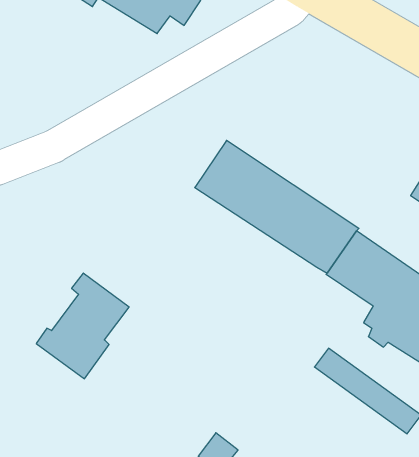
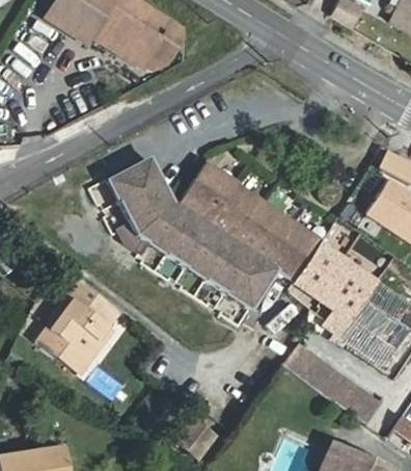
building: none -> [103,151,286,317]

